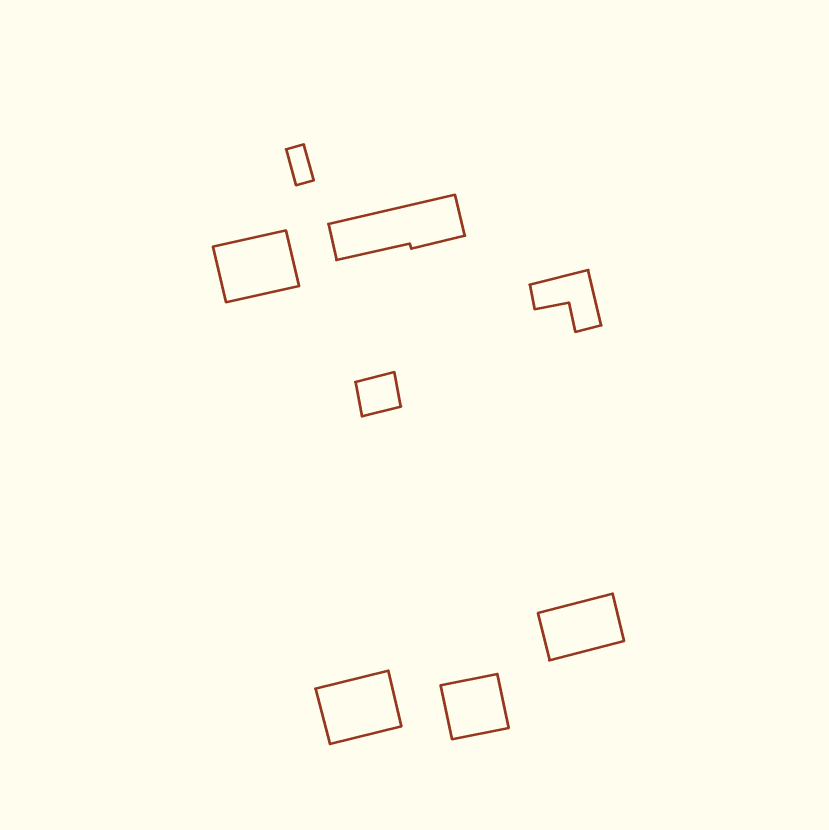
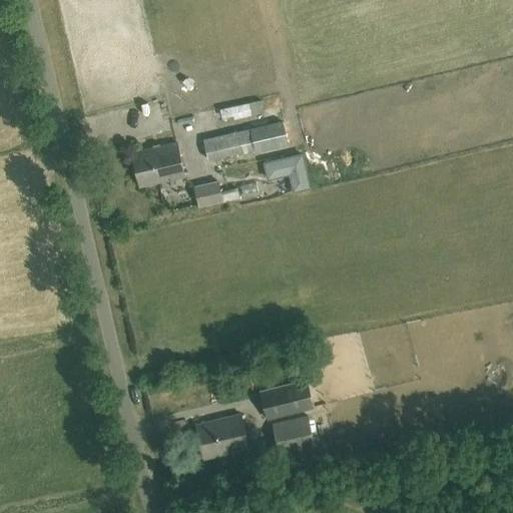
building: [530,270,601,332] -> [266,156,310,194]
building: [355,372,401,416] -> [193,180,221,207]
building: [538,594,624,660] -> [260,379,313,420]

